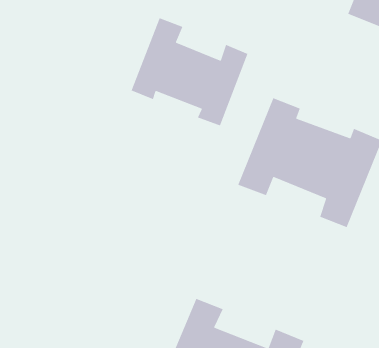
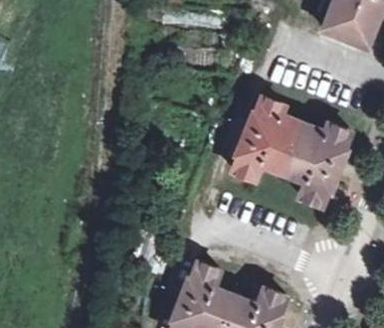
building: [130,17,249,126] -> none

